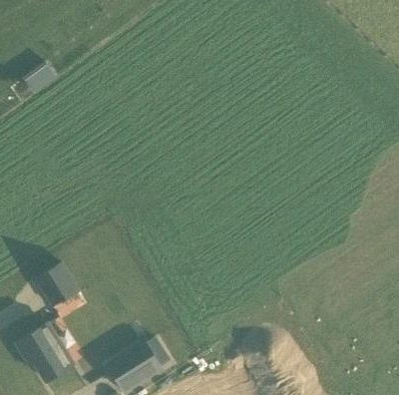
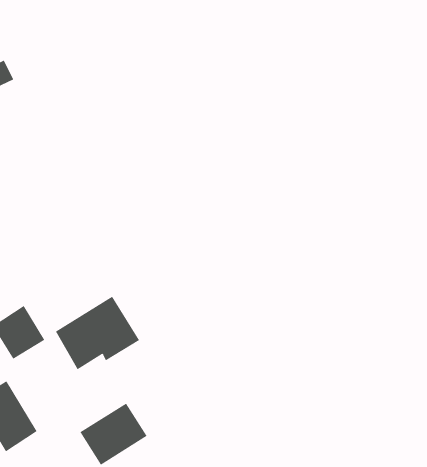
building: none -> [55,296,140,370]

